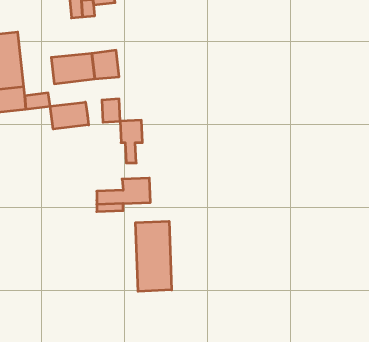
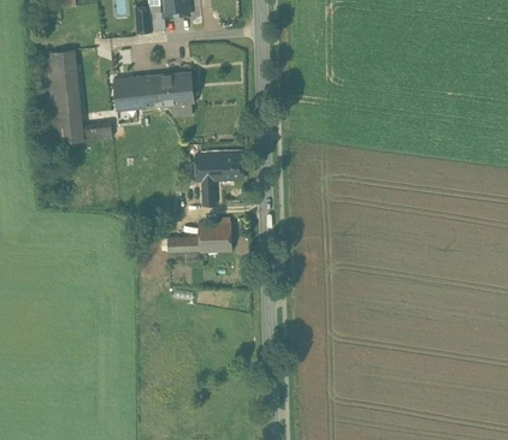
building: [102,99,120,122] -> [221,151,243,179]
building: [50,102,89,129] -> none
building: [136,221,172,291] -> none

